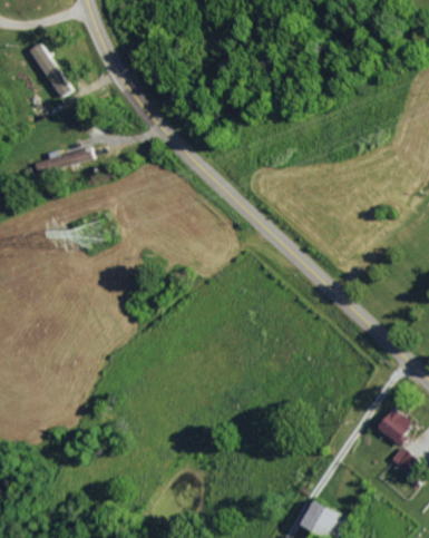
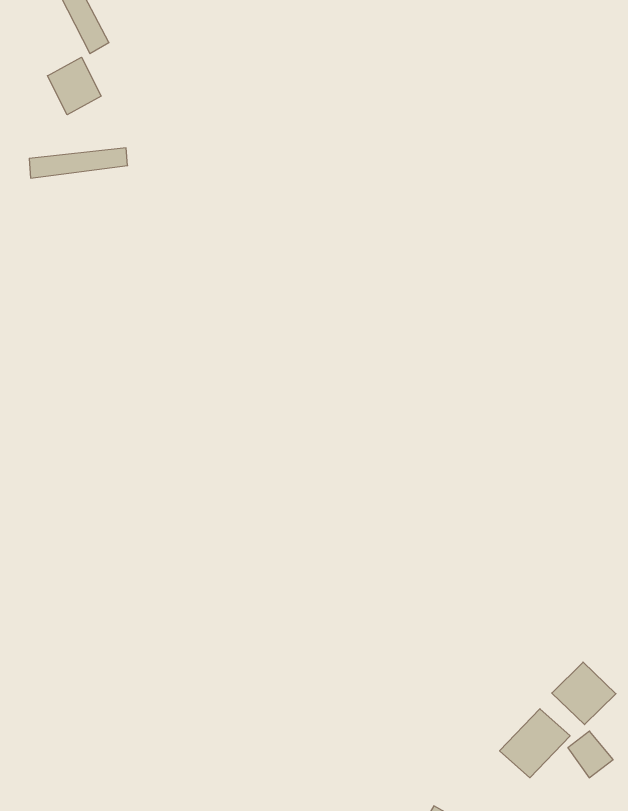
building: none -> [47,57,101,115]
building: none -> [500,709,570,778]

